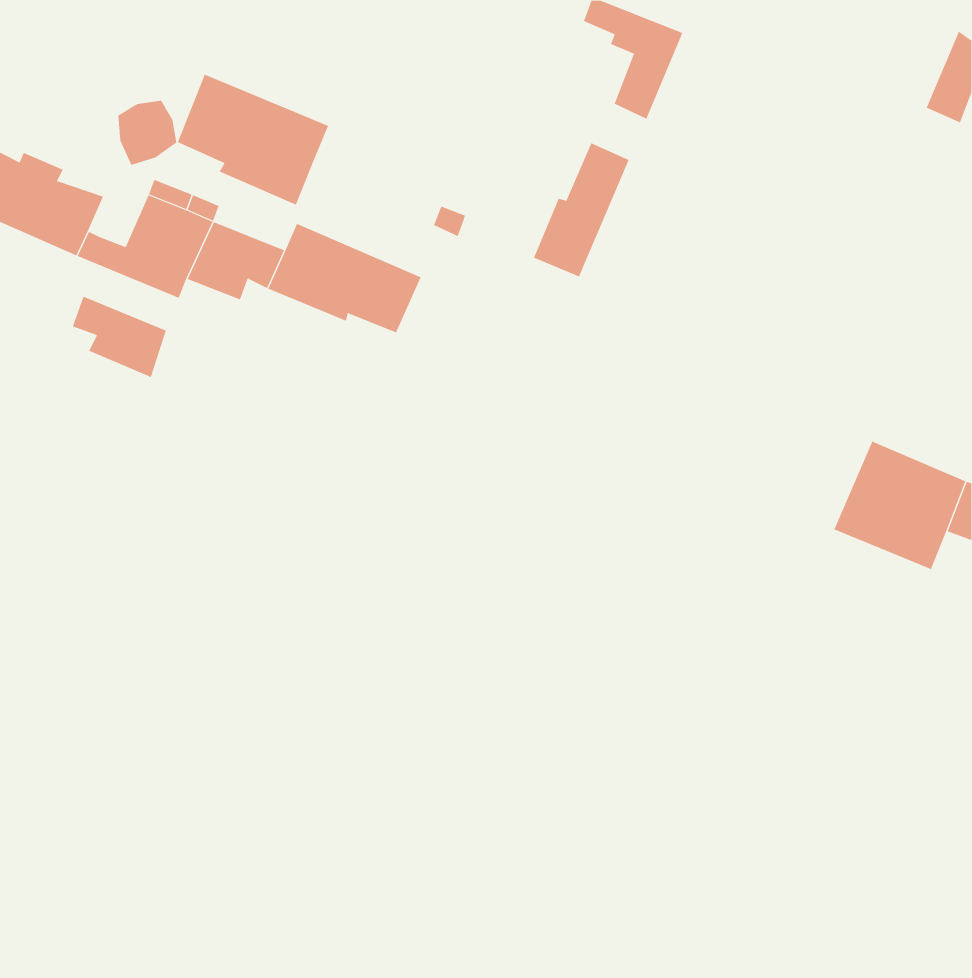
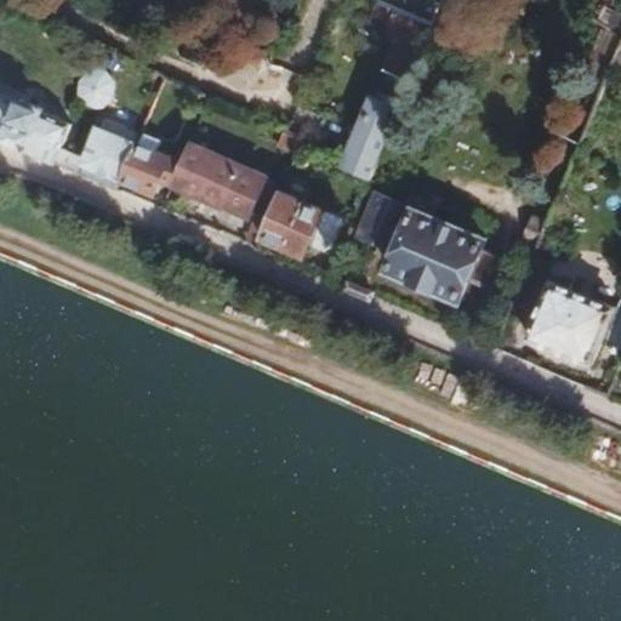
building: [177,74,329,206] -> none
building: [72,296,167,378] -> none
building: none -> [258,190,341,252]
building: none -> [357,194,494,300]

